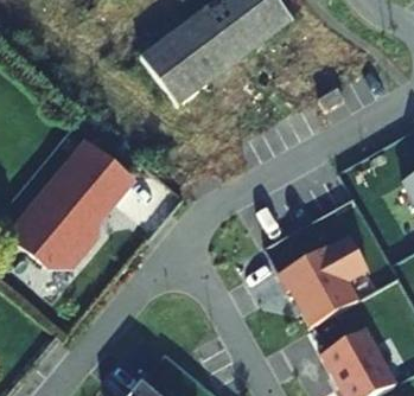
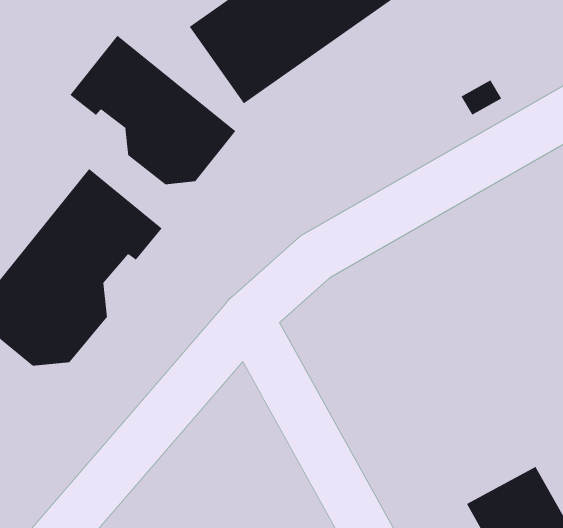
building: none -> [70,35,236,185]
building: [276,231,367,325] -> none

